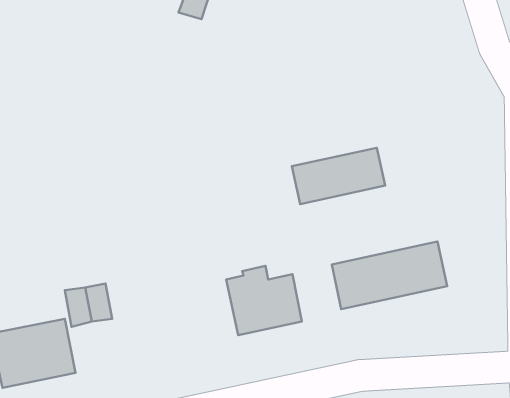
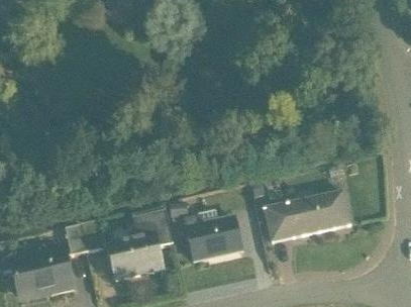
building: [292,148,385,204] -> none
building: none -> [108,209,172,278]

